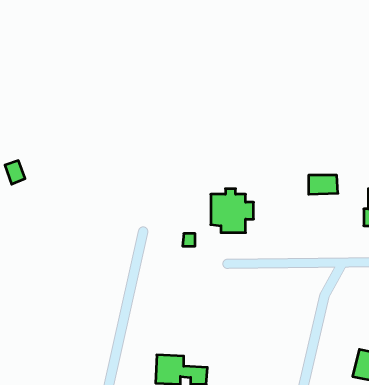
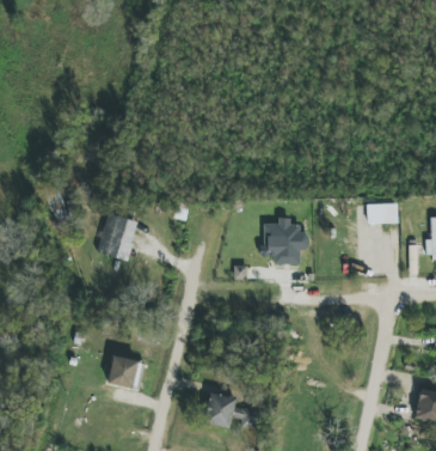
building: none -> [98,214,139,261]
building: none -> [109,356,143,389]

